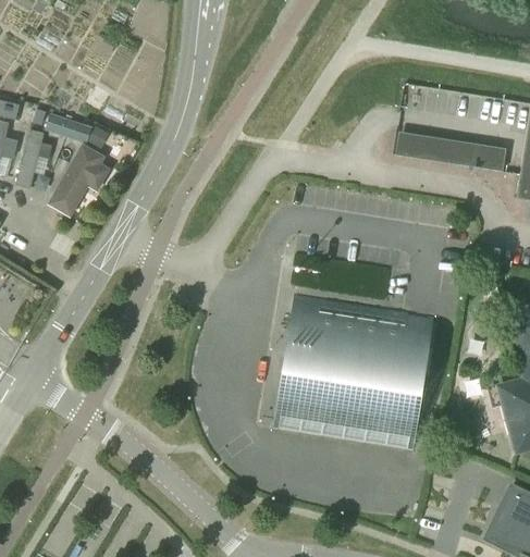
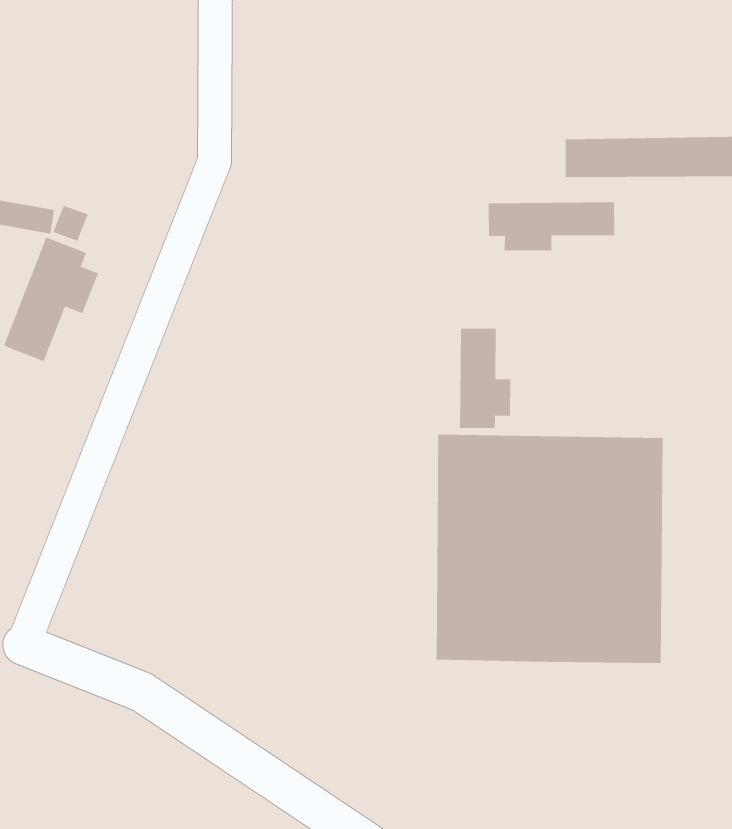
building: none -> [488,202,615,251]
building: none -> [460,328,511,429]

